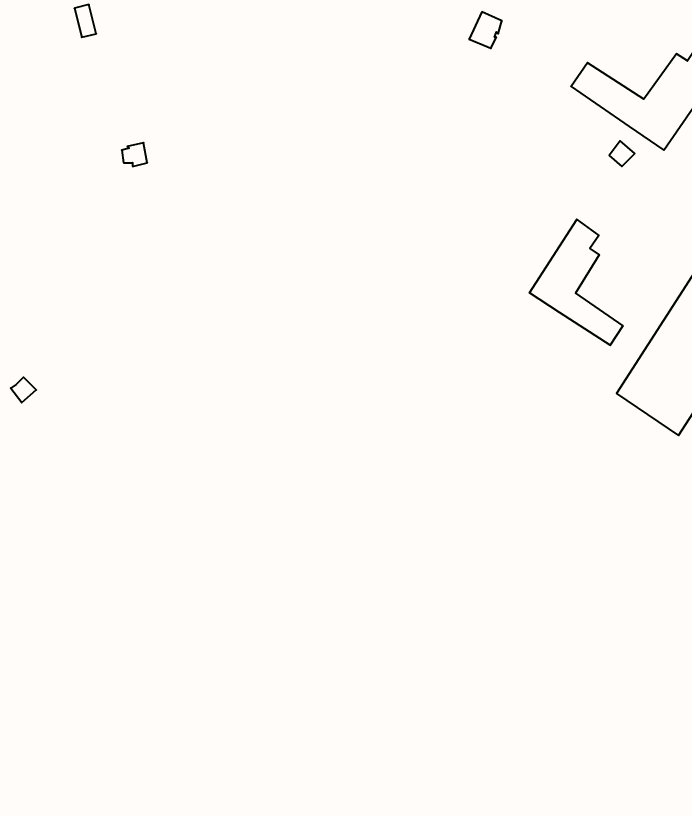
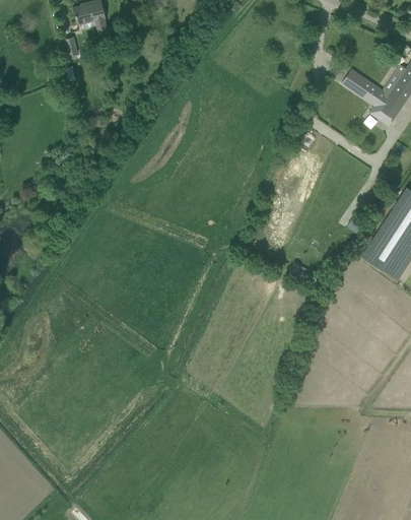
building: [530,219,623,345] -> none

